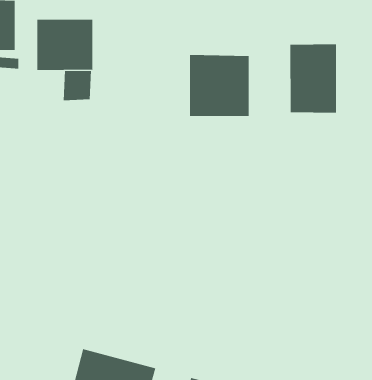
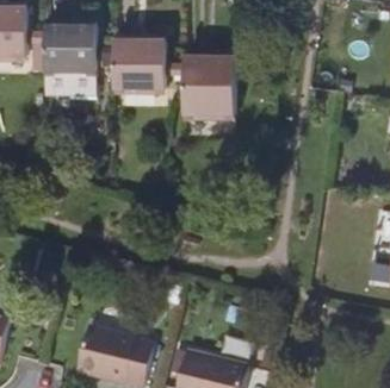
building: none -> [116,42,165,88]
building: [290,43,336,113] -> none

